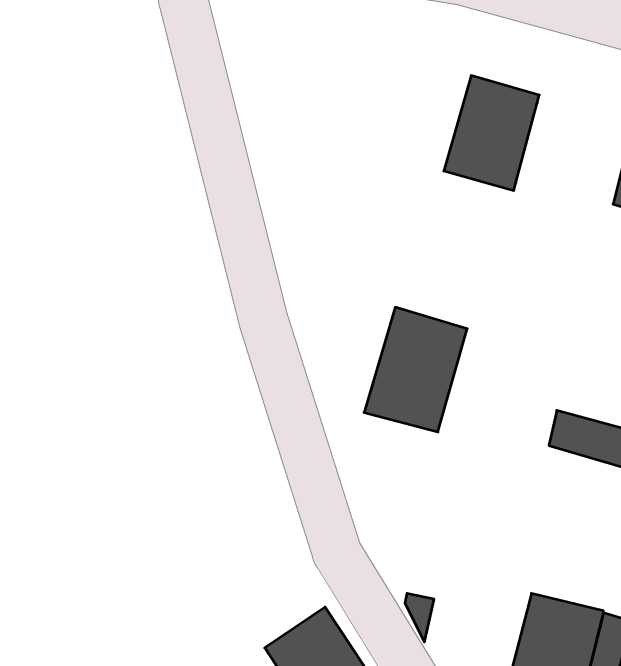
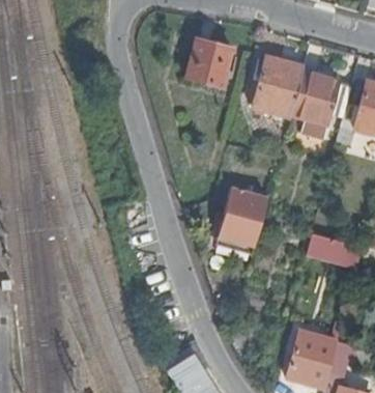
building: none -> [186,37,233,86]
building: none -> [291,71,340,122]

